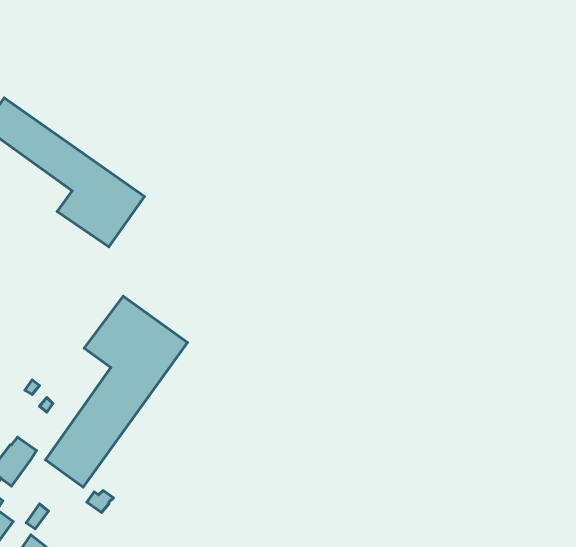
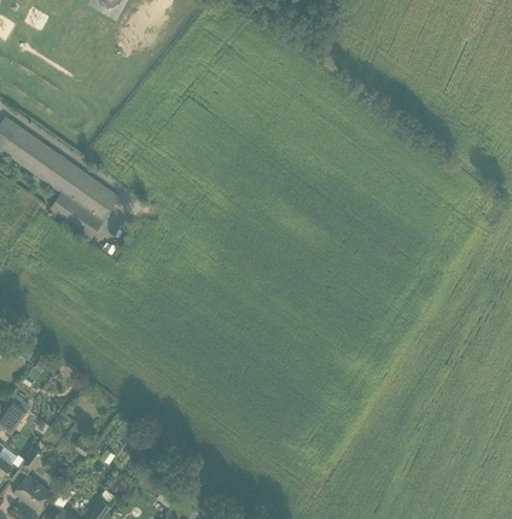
building: [46,296,187,487] -> none

